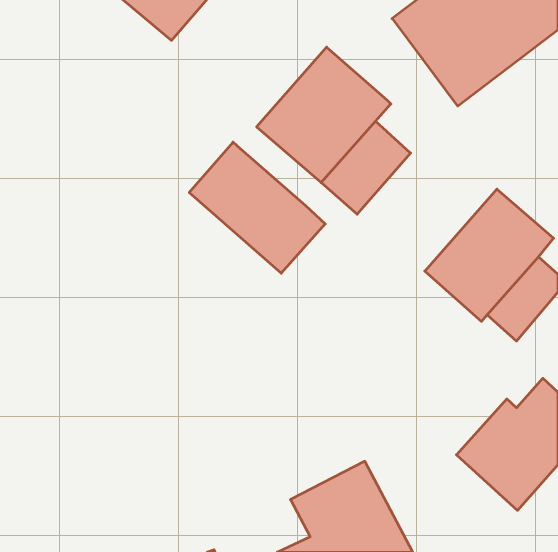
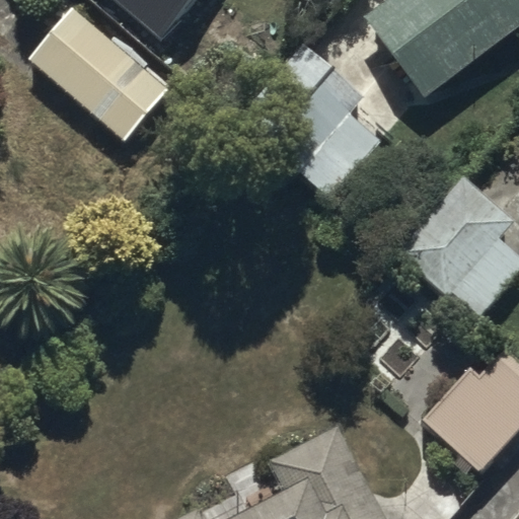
building: none -> [29,7,169,140]
building: [189,142,325,273] -> none

